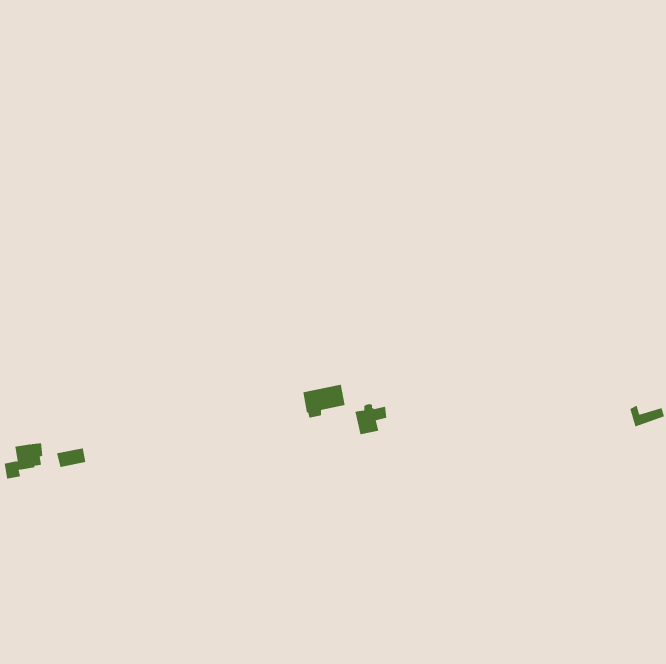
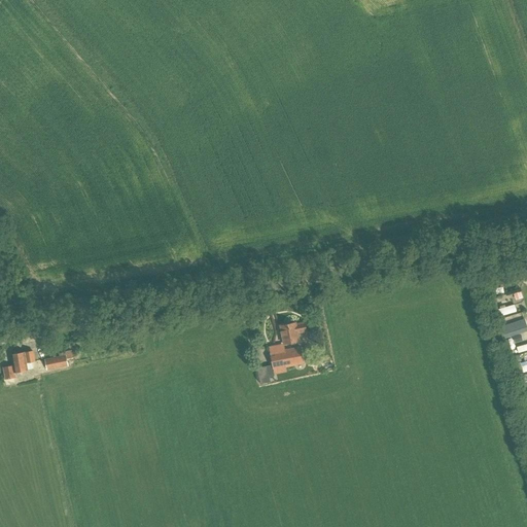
building: [302,384,345,418] -> [270,346,304,373]

